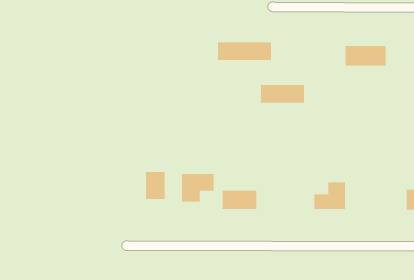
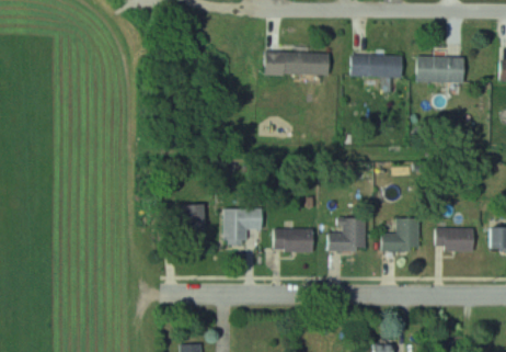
building: [260,85,305,103] -> [352,55,404,77]
building: none -> [329,218,366,251]
building: none -> [436,228,474,252]

